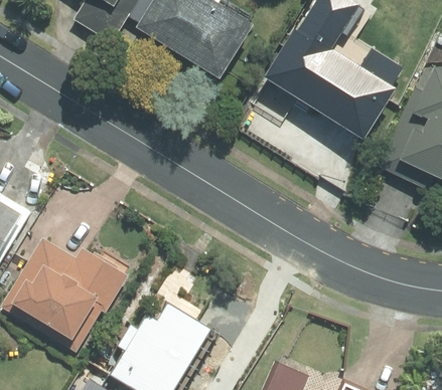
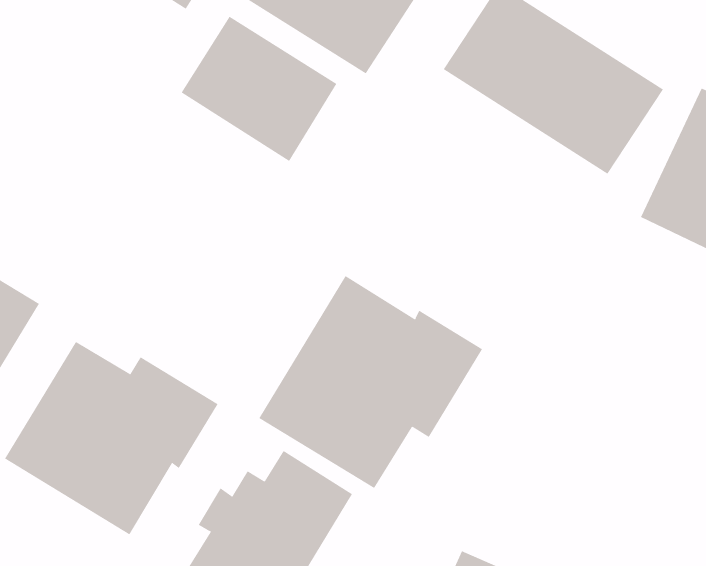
building: none -> [181,16,337,162]
building: none -> [258,275,483,489]

